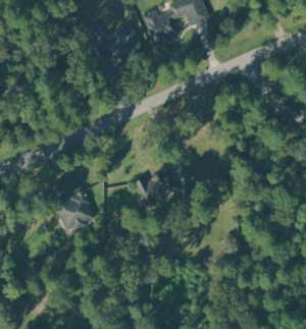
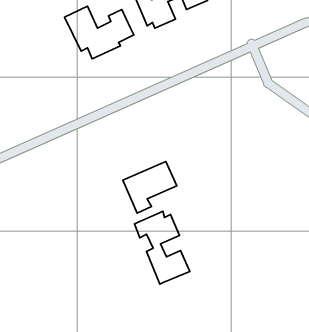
building: [55,189,96,230] -> none
building: none -> [135,211,190,284]

